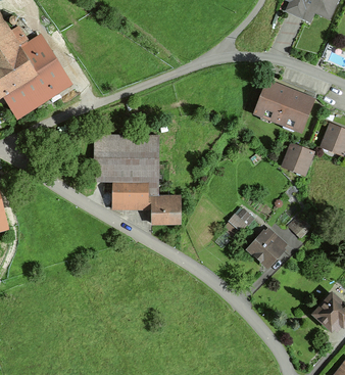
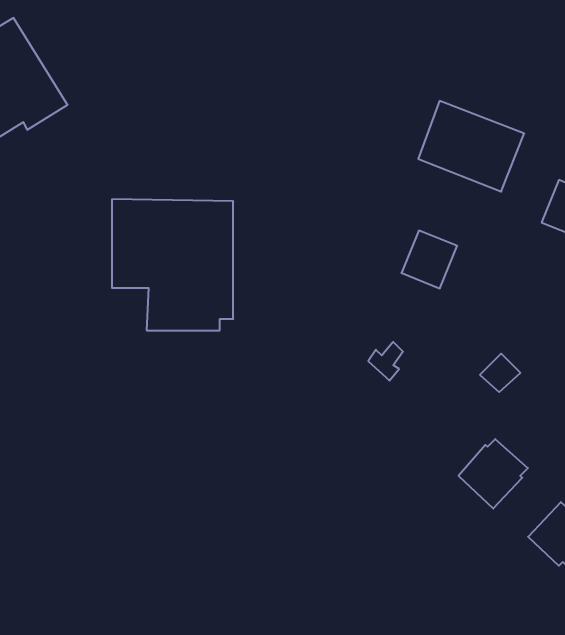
building: [283,144,312,175] -> [401,231,457,288]
building: [151,198,180,224] -> none
building: [249,230,286,267] -> [459,439,528,509]

